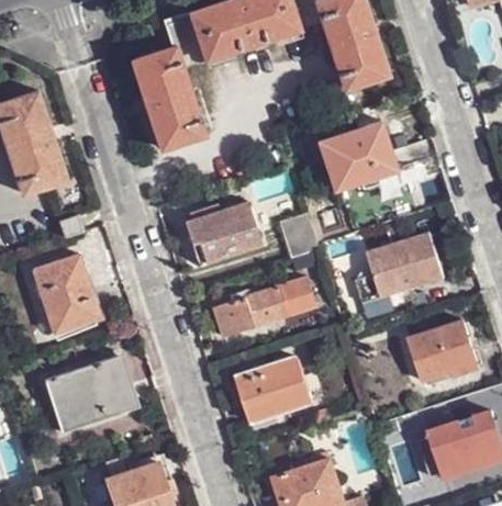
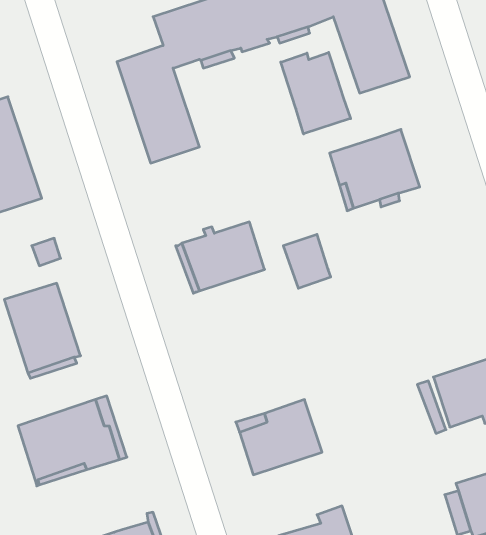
building: none -> [281,52,351,134]
building: [348,229,443,303] -> none
building: [212,278,313,336] -> none

